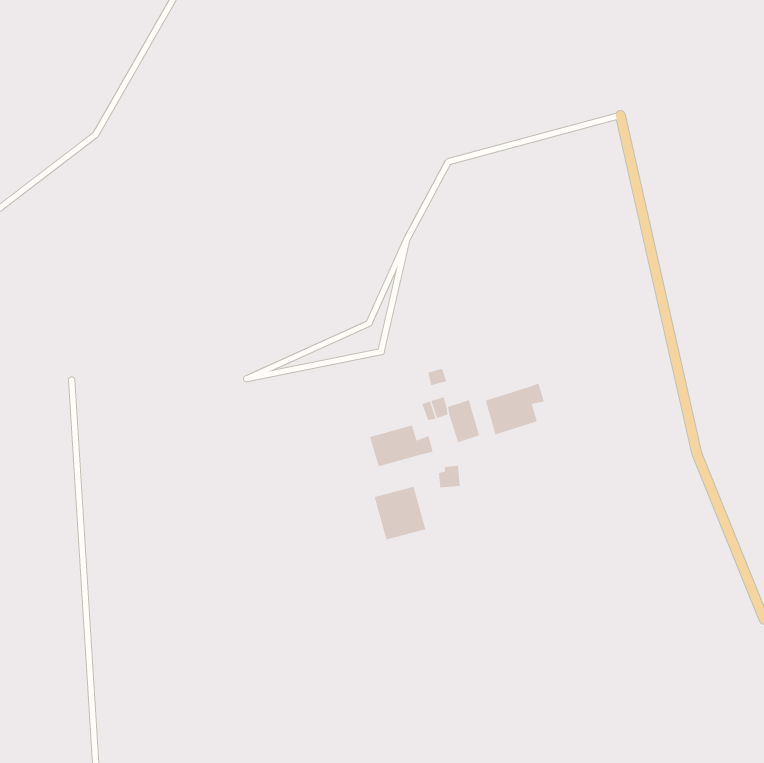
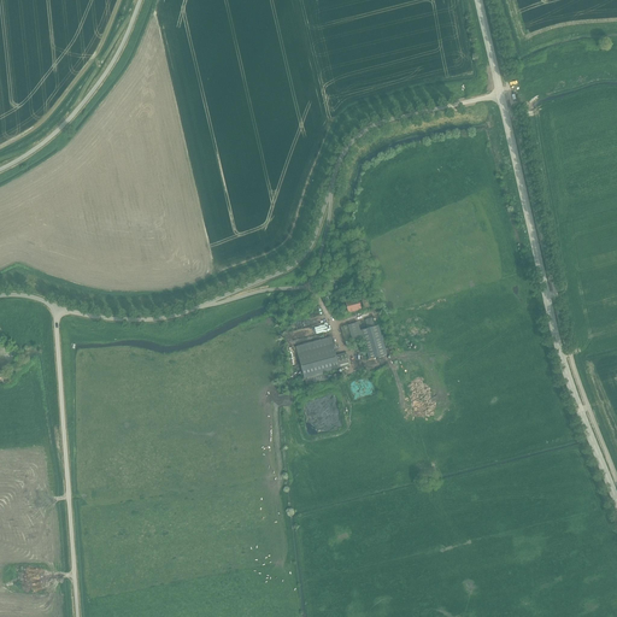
building: [485,383,545,435] -> none

